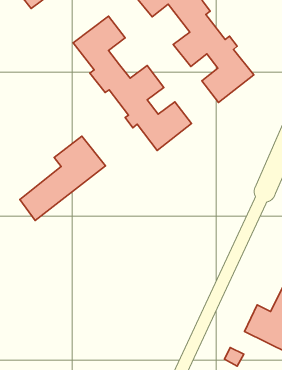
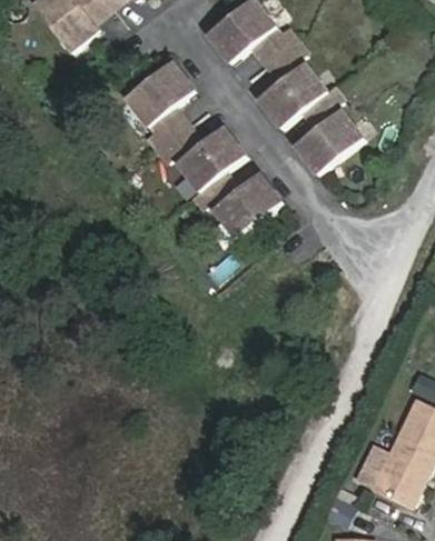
building: [20,136,105,221] -> none

